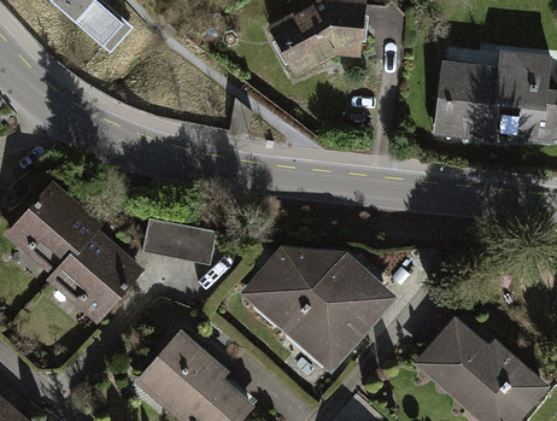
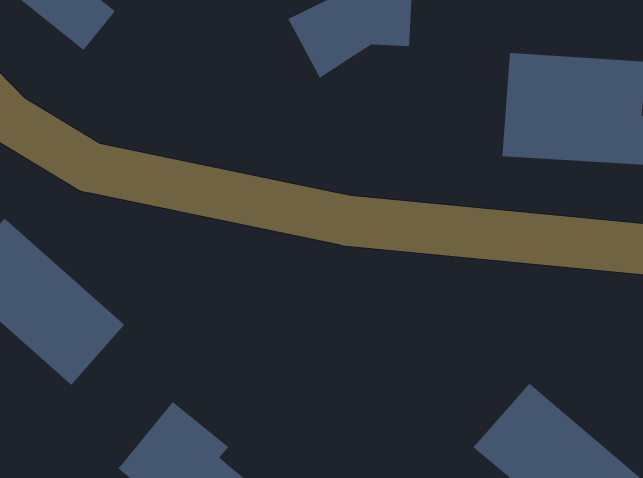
building: [143,220,213,262] -> none
building: [247,253,389,367] -> none

